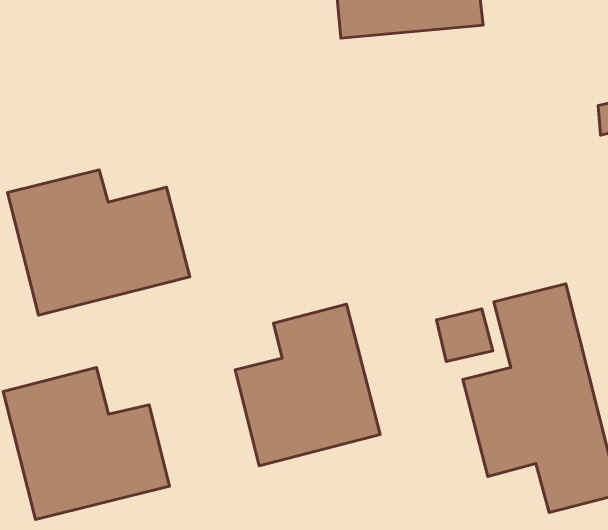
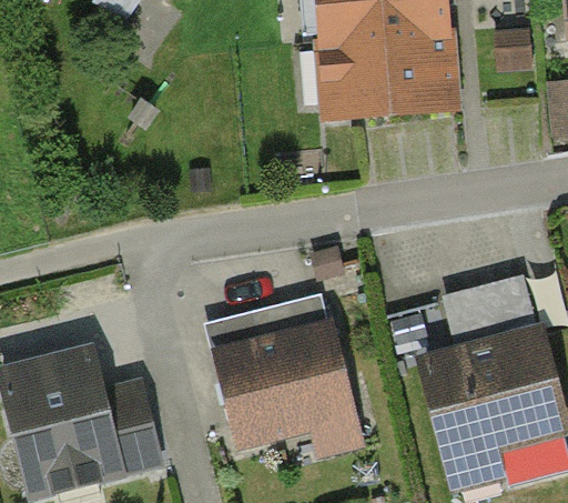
building: none -> [316,34,455,121]
building: [8,170,190,315] -> none

